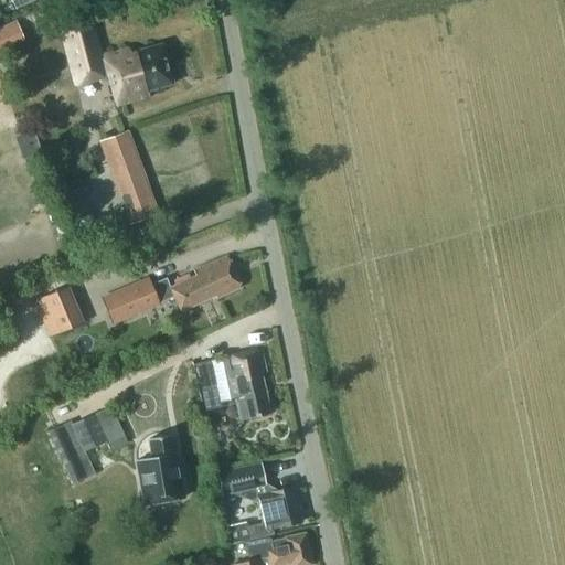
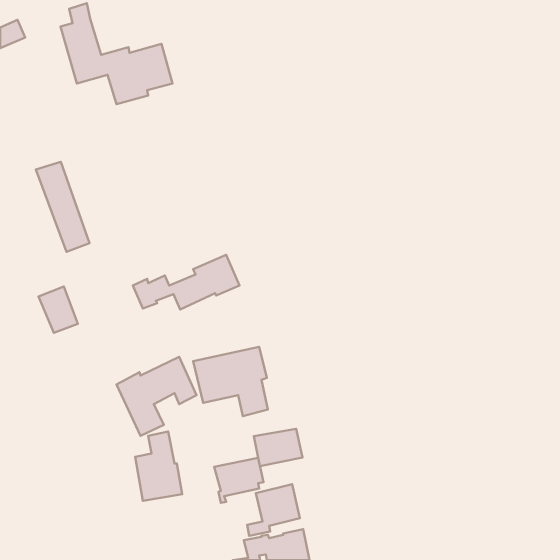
building: [103,132,157,223] -> [36,162,90,252]
building: [104,289,145,324] -> none
building: [47,404,128,483] -> [116,357,197,436]
building: none -> [254,429,302,466]

